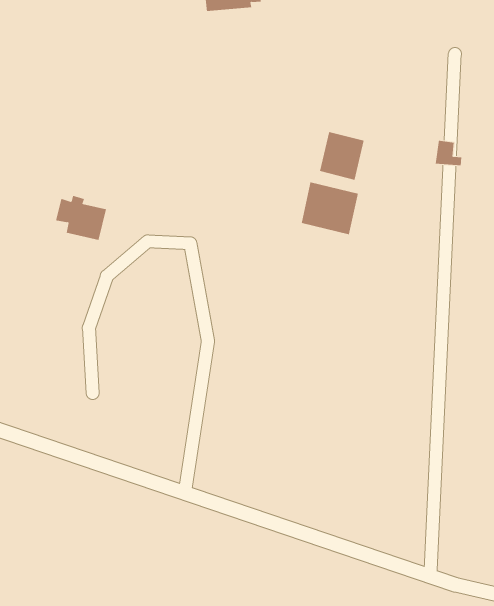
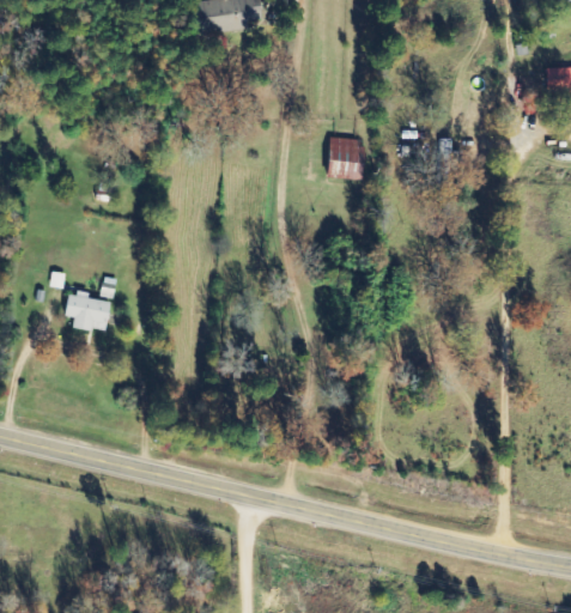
building: [301,182,358,235] -> none
building: [55,195,107,240] -> [62,290,110,330]

